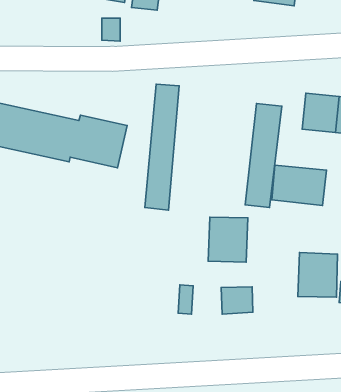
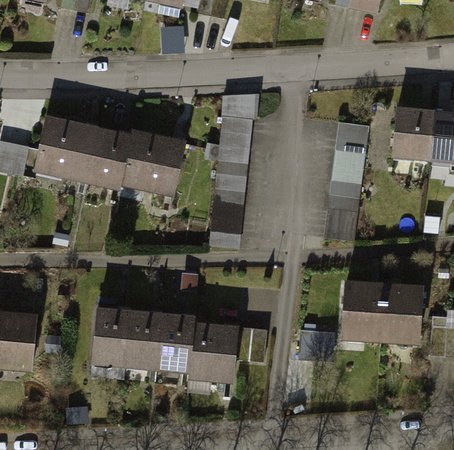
building: [272,165,326,206] -> none
building: [208,217,248,262] -> [342,289,387,340]
building: none -> [86,310,248,380]

